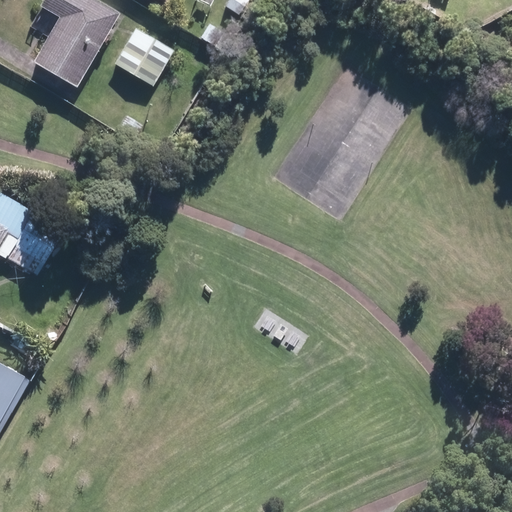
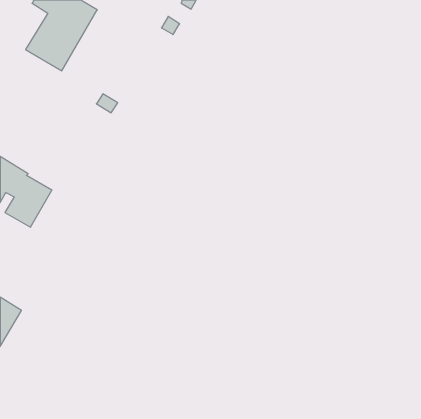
building: [112,26,173,86] -> none

